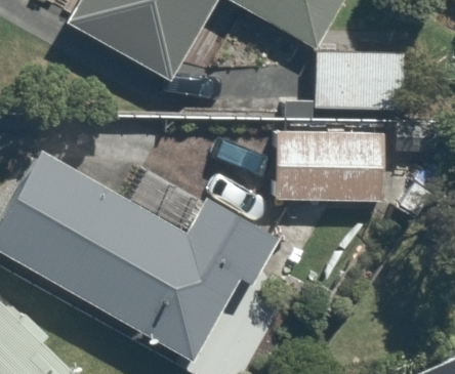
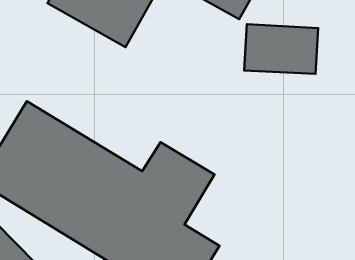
building: [274,128,390,203] -> none

